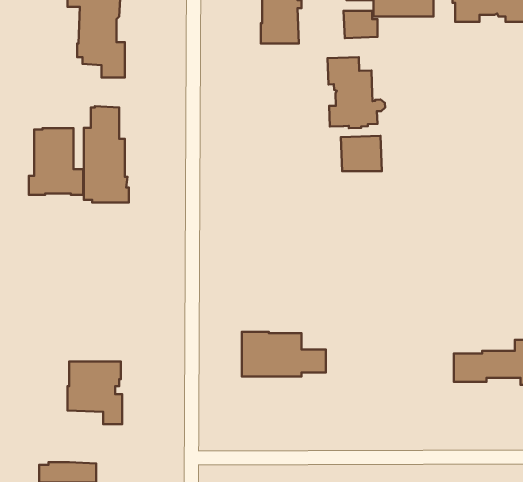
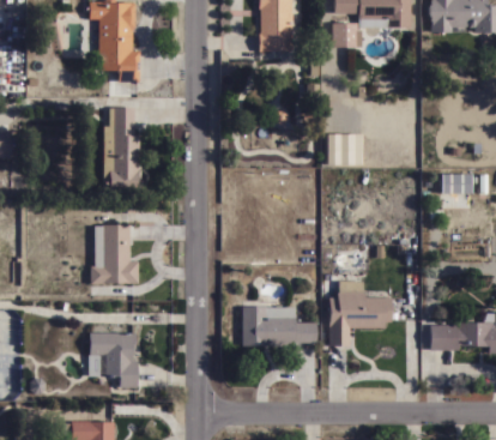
building: [327,57,385,128] -> none
building: [29,128,83,195] -> [91,224,139,283]
building: none -> [442,174,472,193]
building: none -> [329,281,392,345]

